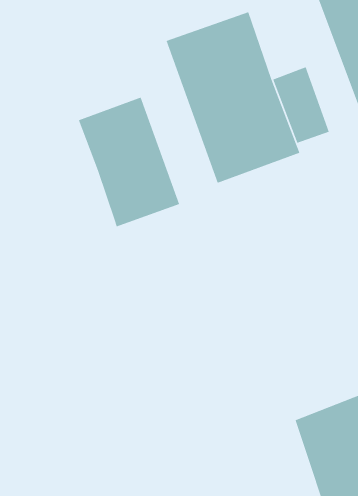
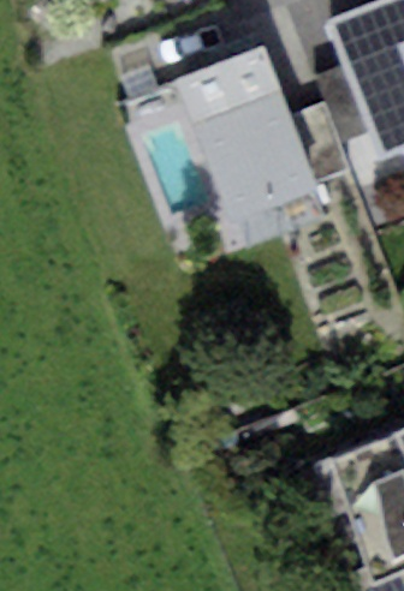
building: [78,97,180,227] -> none

